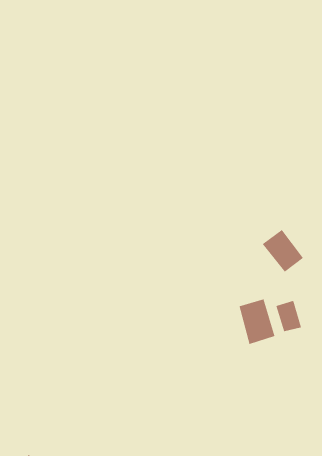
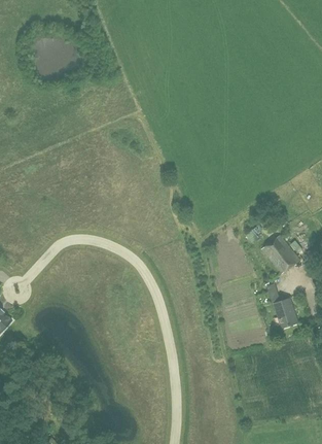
building: [239,299,275,345] -> none

